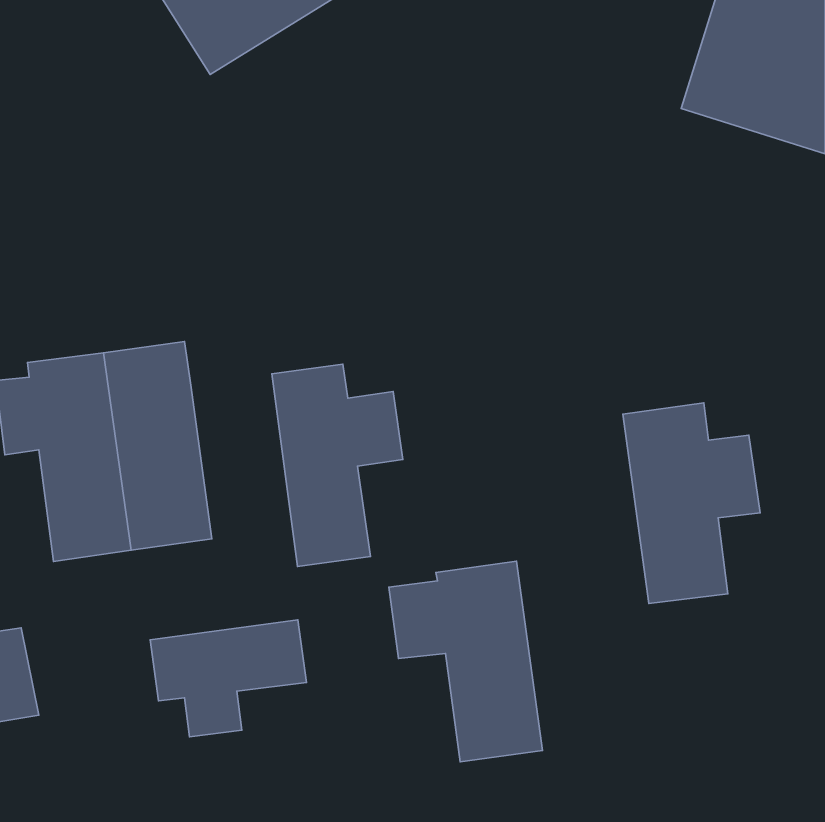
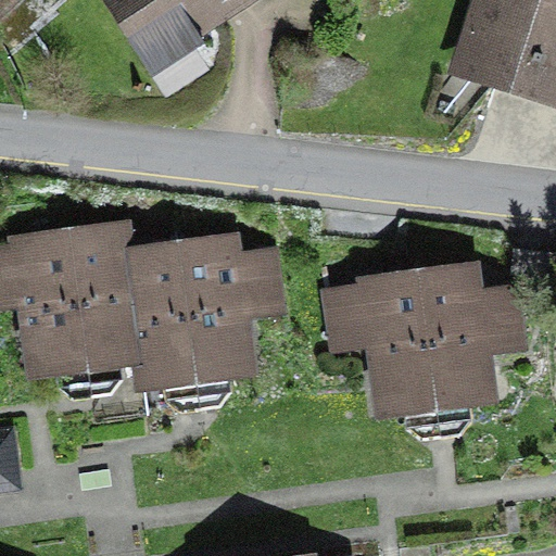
building: none -> [128,251,200,388]
building: [389,561,543,762] -> [332,278,435,413]
building: [150,620,306,737] -> none

